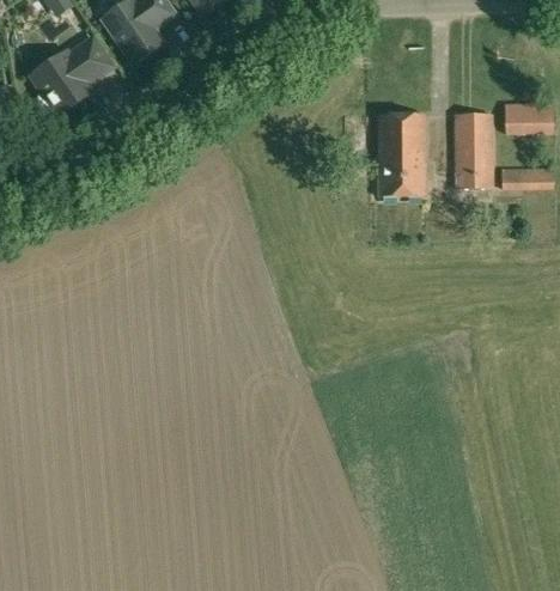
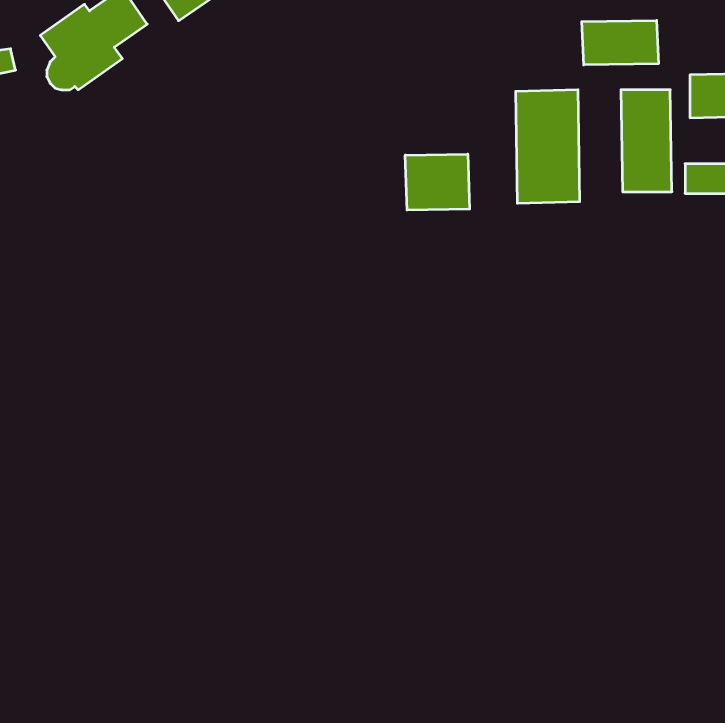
building: none -> [582,20,658,65]
building: none -> [405,154,470,210]

